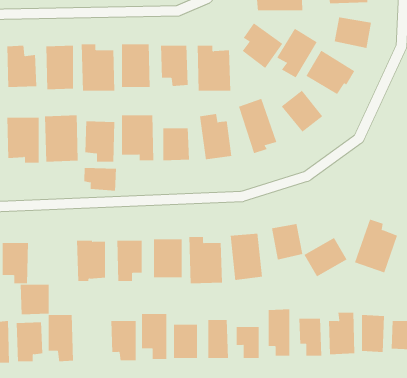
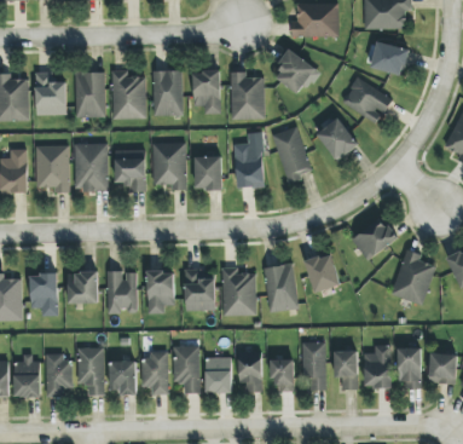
building: [277,28,317,78] -> none
building: [84,167,116,191] -> none
building: [304,237,347,277] -> [352,218,397,259]
building: [20,284,49,315] -> [68,272,98,304]
building: none -> [109,361,137,393]

